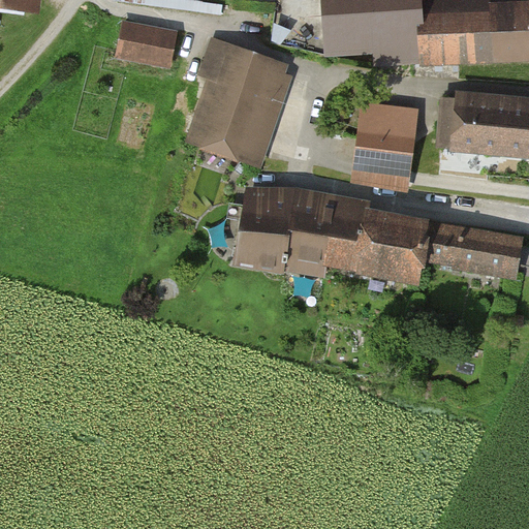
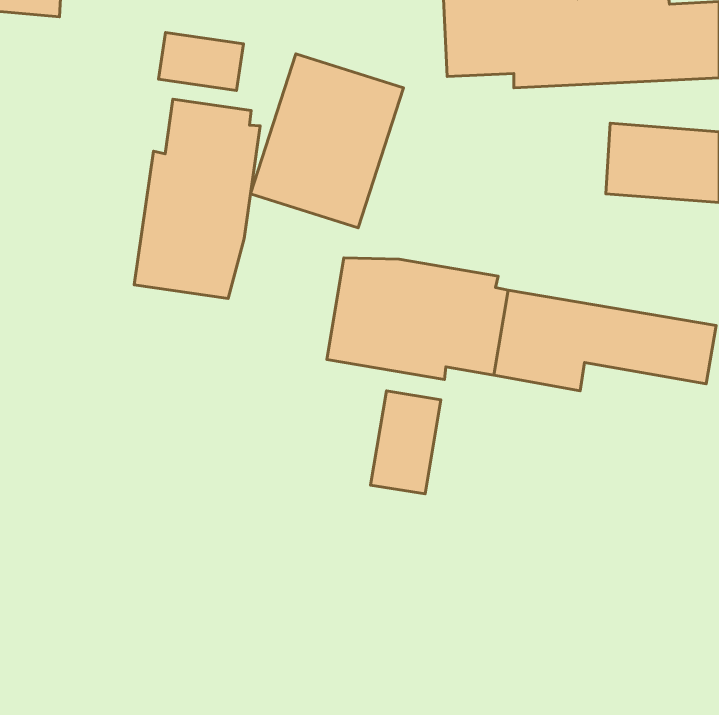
building: none -> [134,99,260,299]
building: [352,98,413,179] -> none
building: none -> [371,391,441,494]

